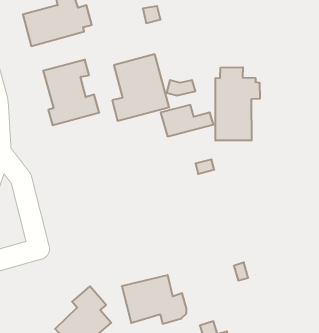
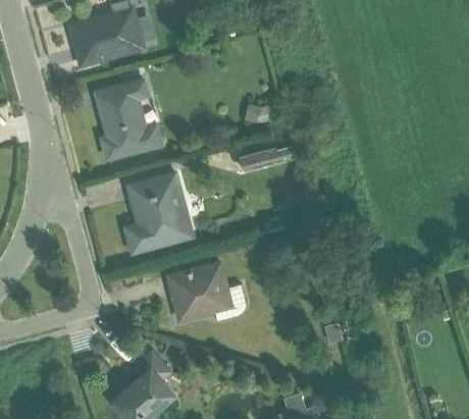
building: [112,54,169,121] -> [125,173,194,253]
building: [216,67,260,141] -> none
building: [122,275,186,324] -> [167,264,245,322]

